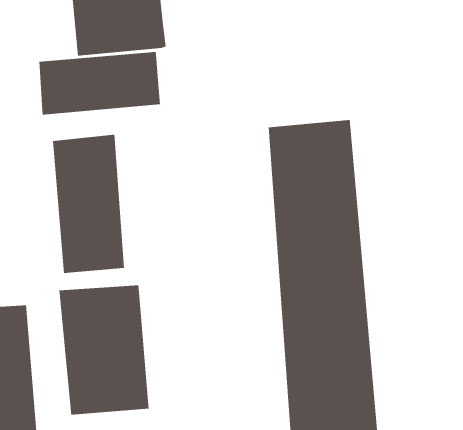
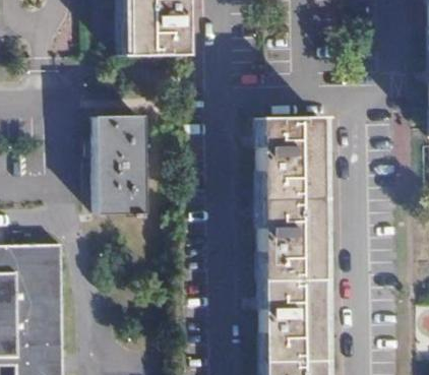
building: [39,51,160,116] -> none
building: [59,285,149,415] -> none

